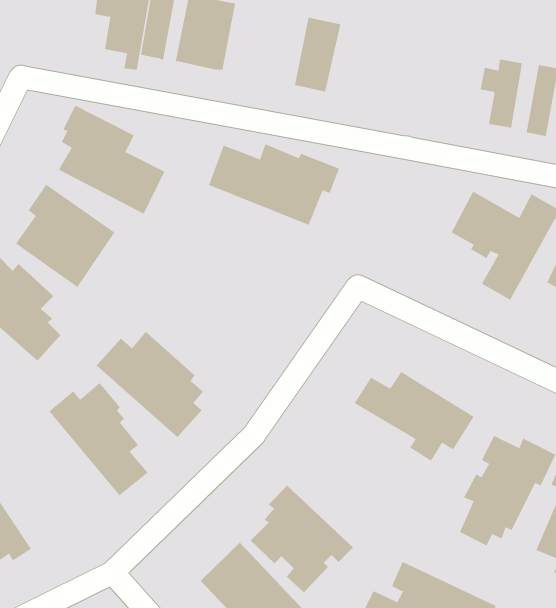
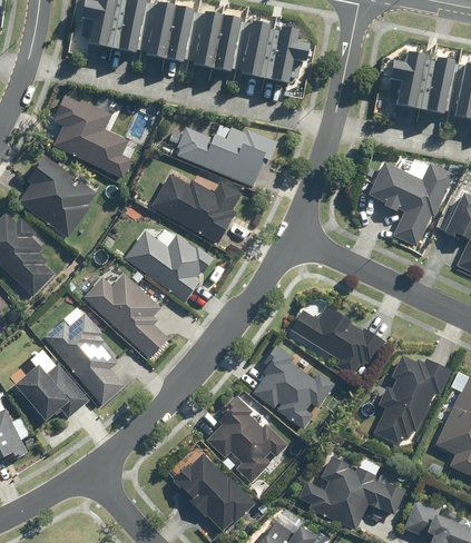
building: none -> [195,12,241,73]
building: none -> [272,28,310,83]
building: none -> [153,169,243,240]
building: none -> [122,230,216,303]
building: none -> [252,344,334,428]
building: none -> [14,362,90,421]

